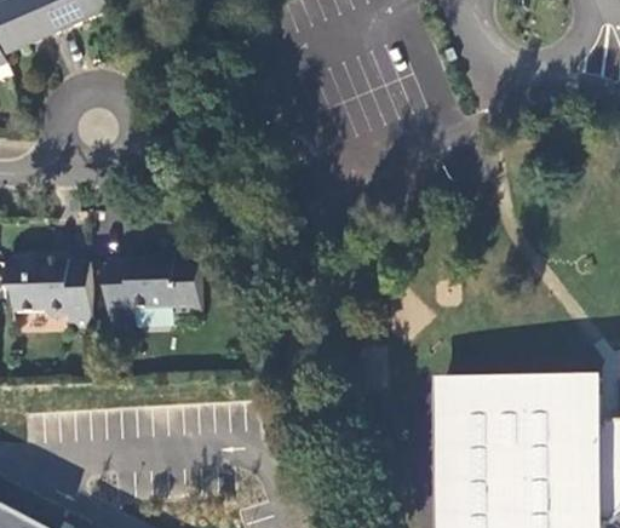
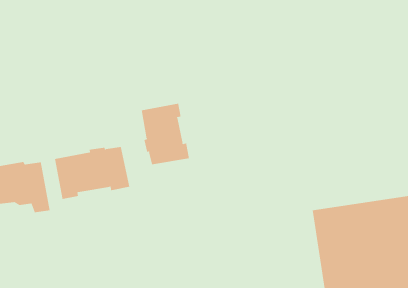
building: none -> [141,103,189,165]

